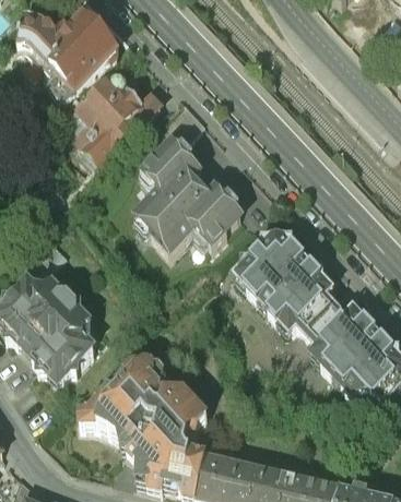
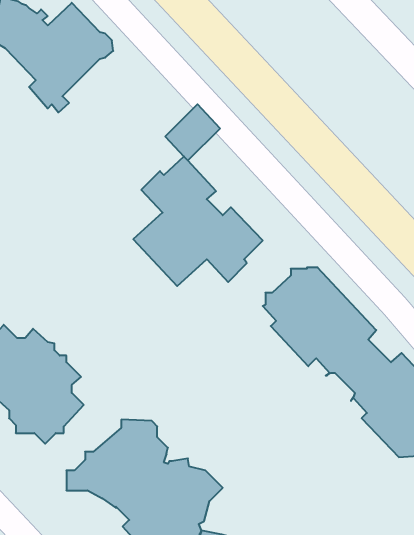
building: [68,75,161,168] -> none

